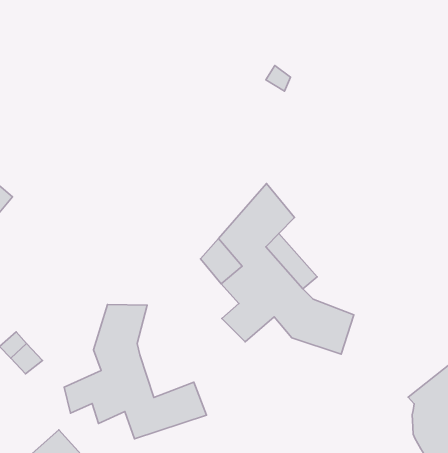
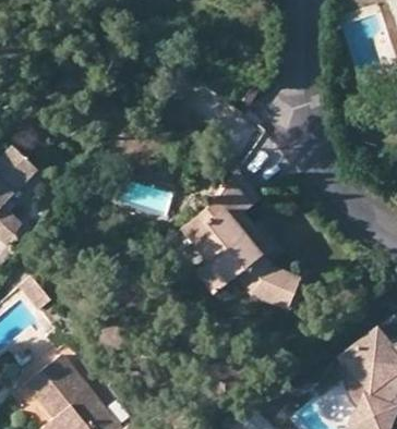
building: [64,305,206,439] -> none

